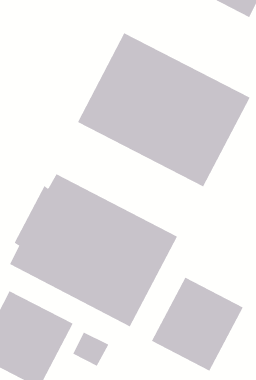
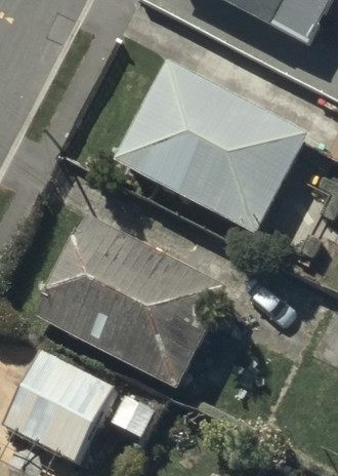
building: [151,277,244,372] -> none

